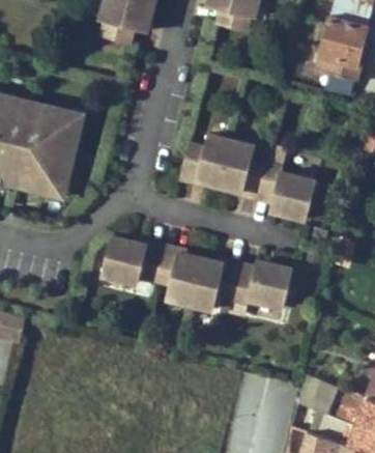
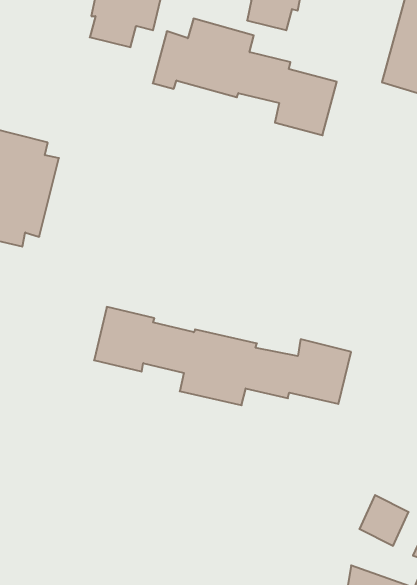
building: [179,133,315,219] -> [153,19,337,135]

